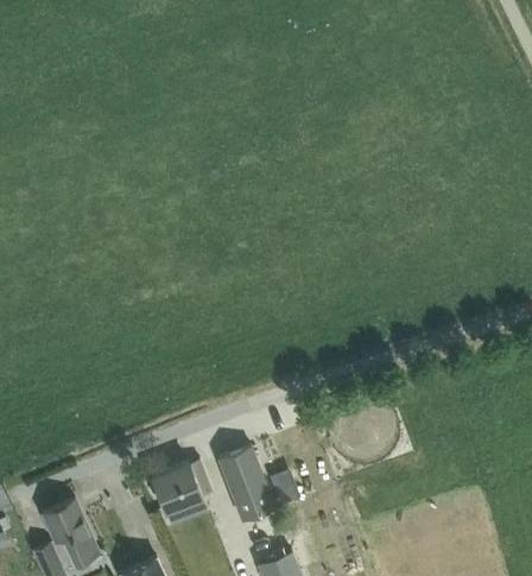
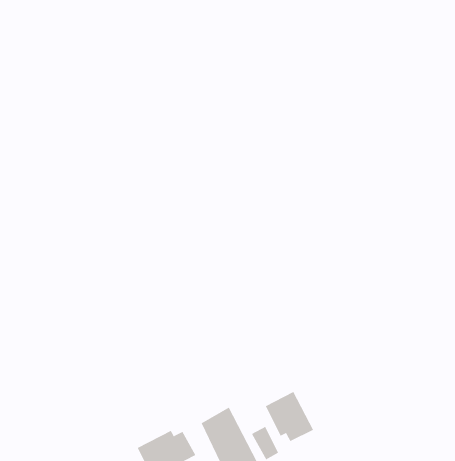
building: none -> [265,391,314,442]

